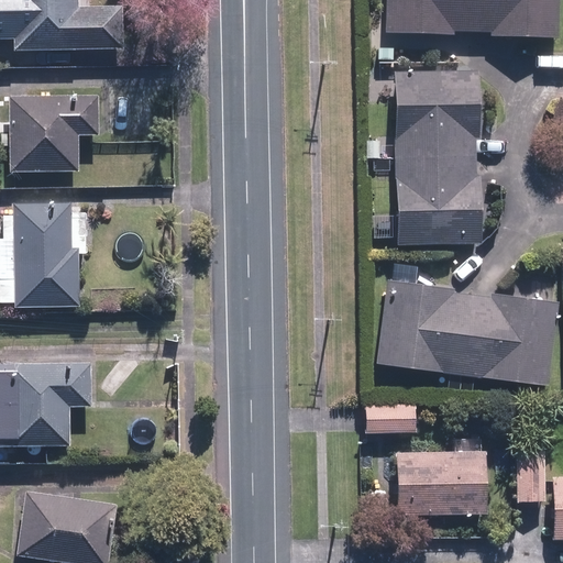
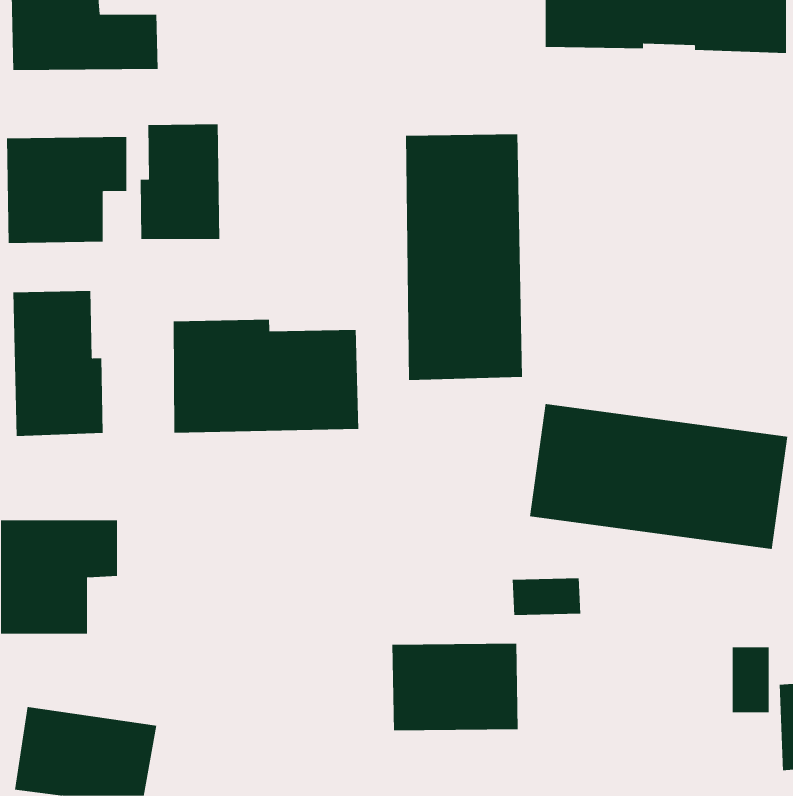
building: [397,71,479,244] -> [405,134,523,380]
building: none -> [140,124,220,240]
building: none -> [173,319,359,433]
building: [397,452,486,514] -> [391,643,519,731]

